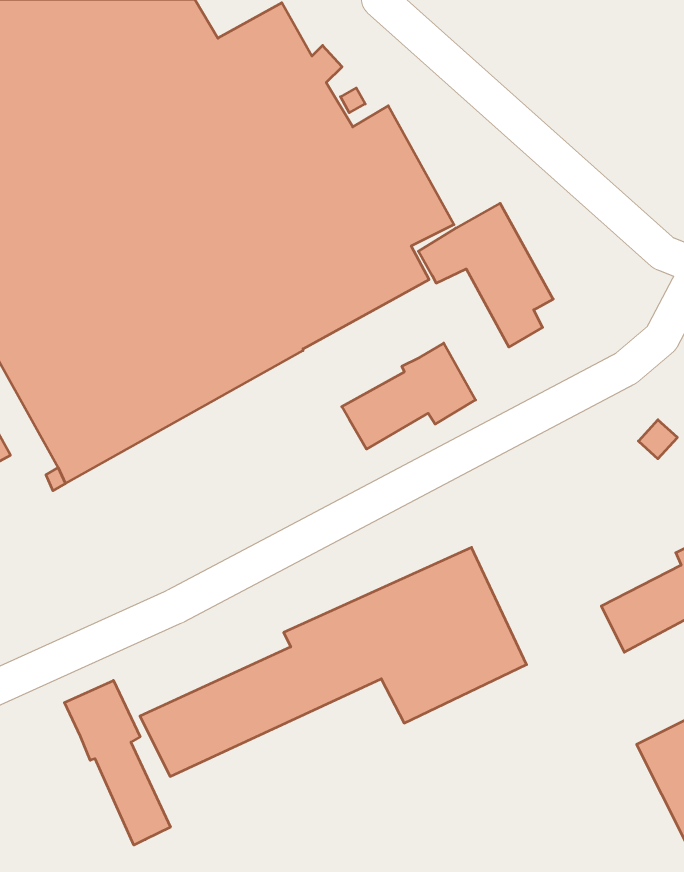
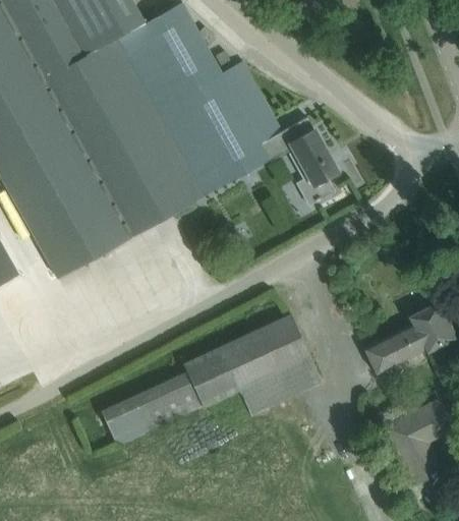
building: [342,343,476,449] -> none
building: [64,680,170,845] -> none

